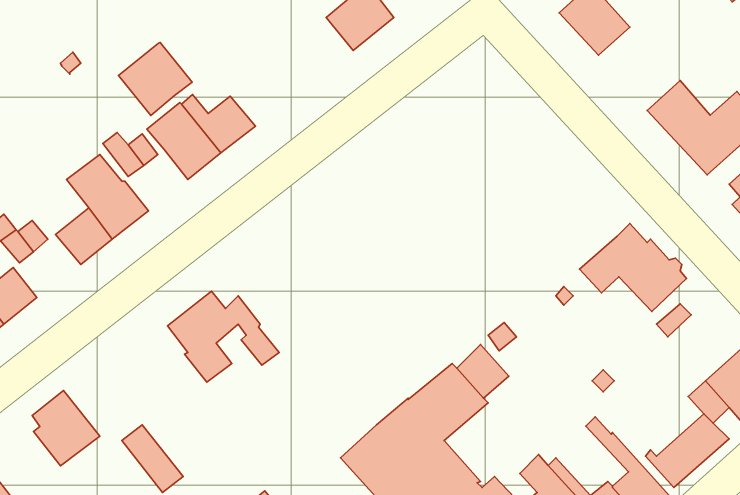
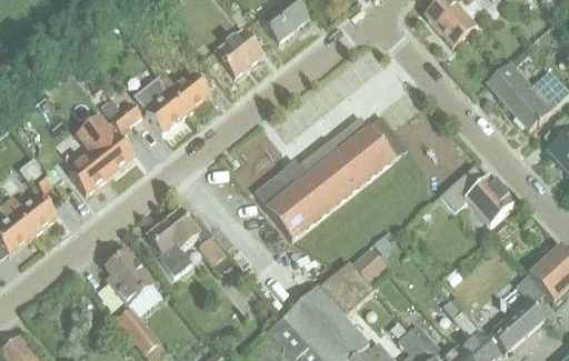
building: none -> [213,29,261,76]
building: [119,42,192,115] -> none
building: none -> [254,117,395,240]
building: [32,391,100,466] -> [104,252,152,305]

